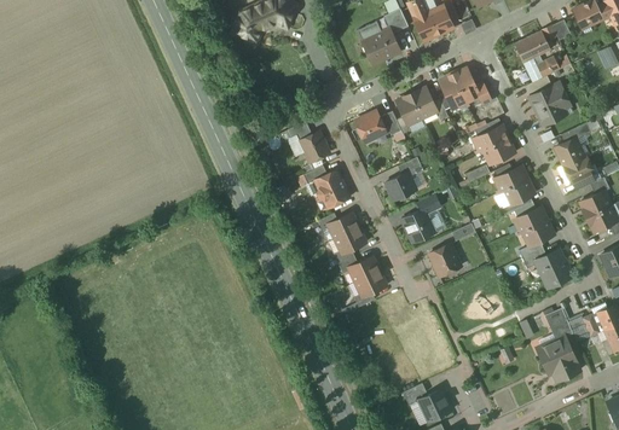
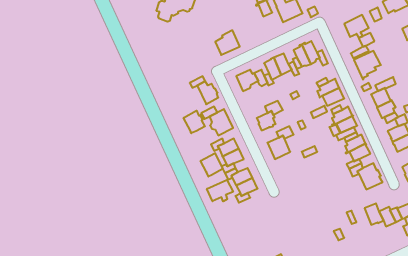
building: [364,28,400,64] -> [215,30,240,55]
building: none -> [184,111,205,133]
building: none -> [201,153,223,177]
building: [429,244,461,277] -> none
building: none -> [207,180,233,201]
building: [540,336,580,380] -> none

